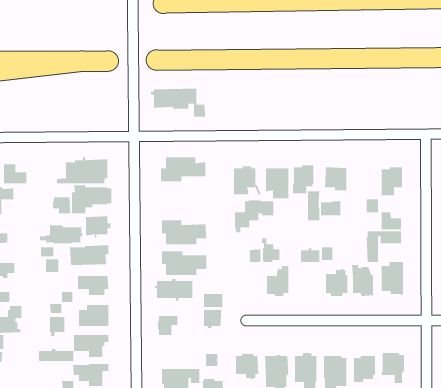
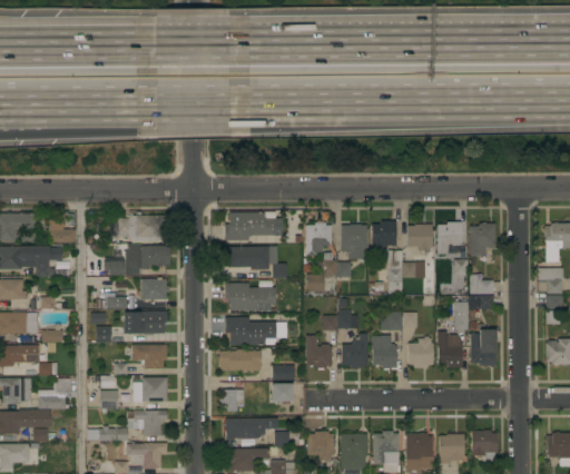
building: [150,88,206,117] -> [225,246,287,278]
building: none -> [436,221,462,255]
building: none -> [372,335,396,368]
building: none -> [306,336,333,369]
building: none -> [225,418,277,440]

